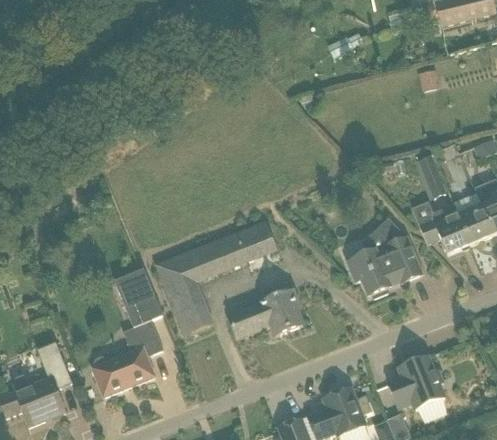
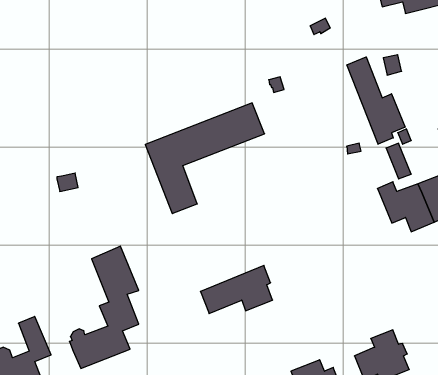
building: none -> [347,57,405,144]
building: [348,216,422,297] -> none
building: [154,220,278,335] -> [145,103,265,214]

